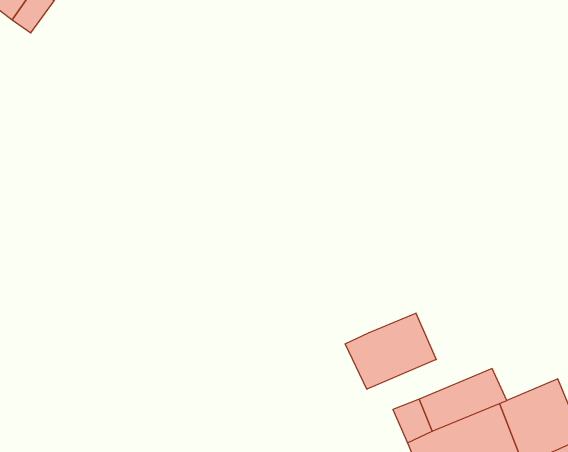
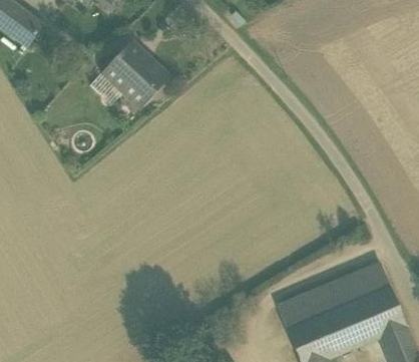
building: none -> [100,42,168,109]
building: [345,313,436,389] -> none
building: none -> [343,264,388,301]

